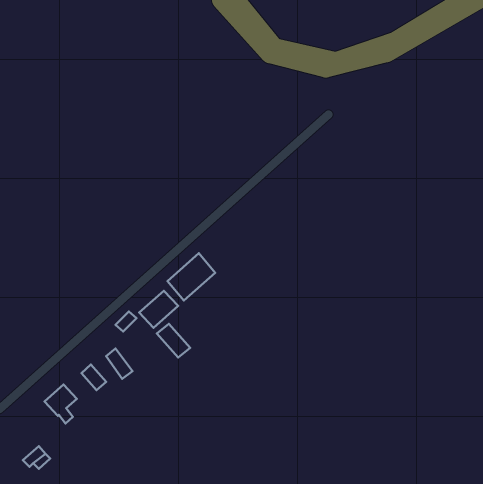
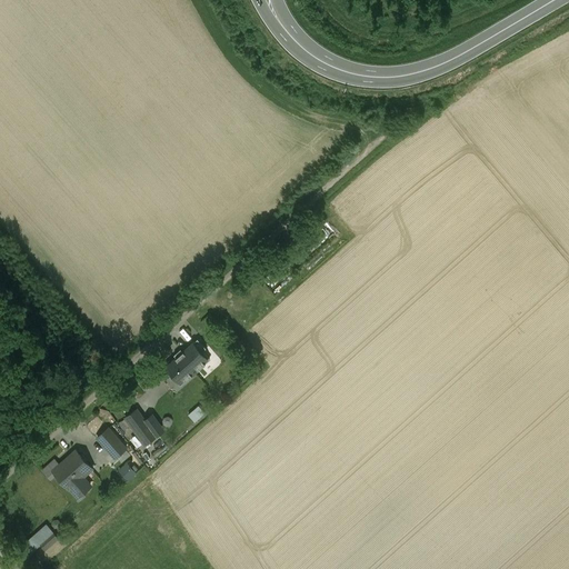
building: [168,253,215,301] -> none
building: [157,324,190,358] -> none

